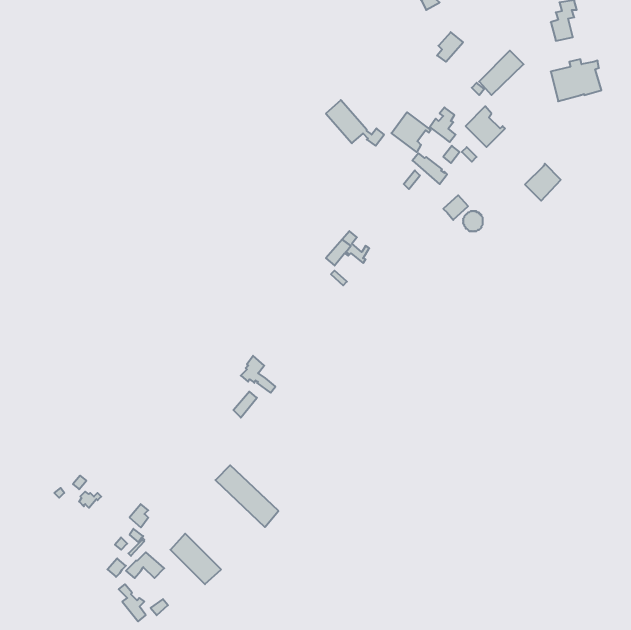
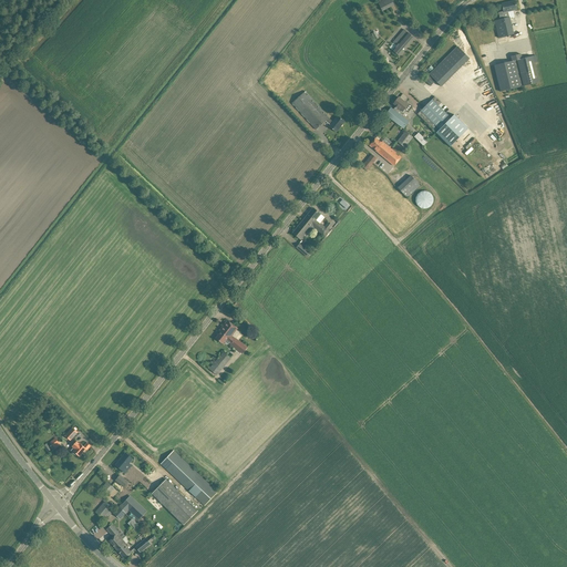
building: [391,112,431,152] -> none
building: [525,164,561,201] -> [436,113,468,146]
building: [215,465,278,527] -> [161,450,217,505]

